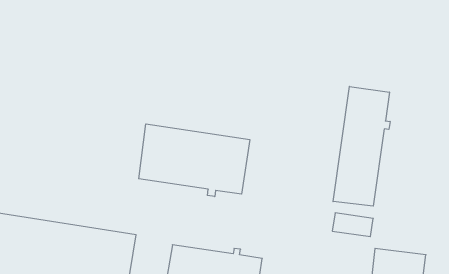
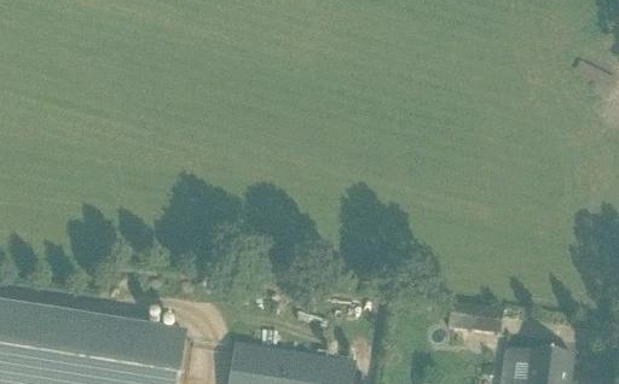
building: [333,86,390,206] -> none
building: [139,124,250,197] -> none

